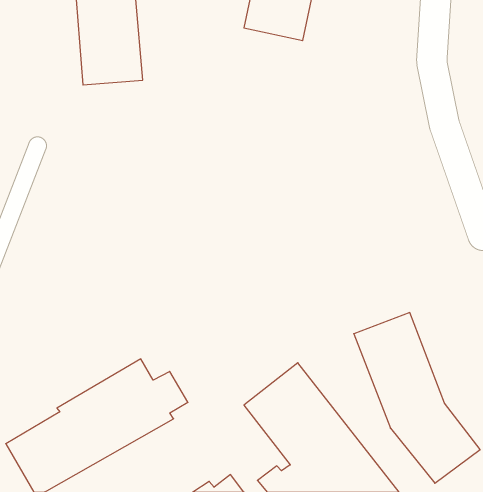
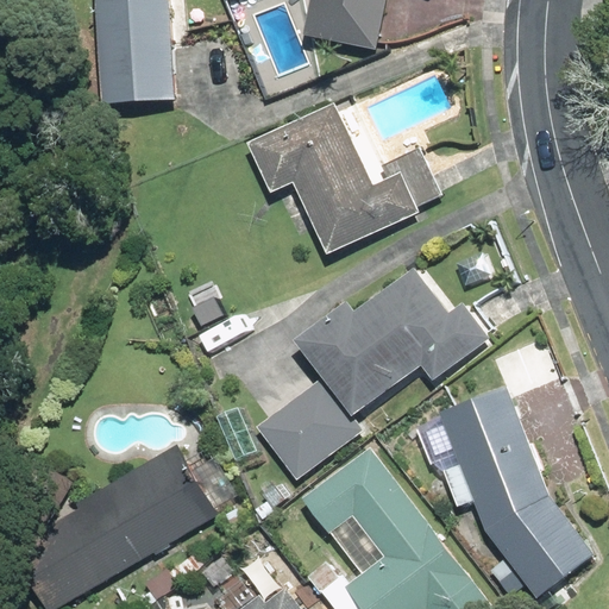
building: none -> [246,103,435,253]
building: none -> [297,268,486,415]
building: none -> [253,377,360,482]

